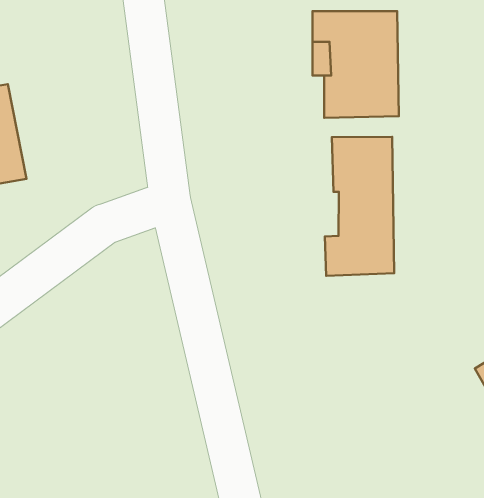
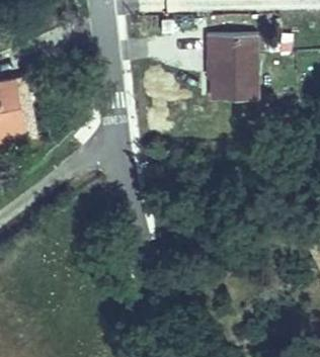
building: [325,137,394,276] -> none

